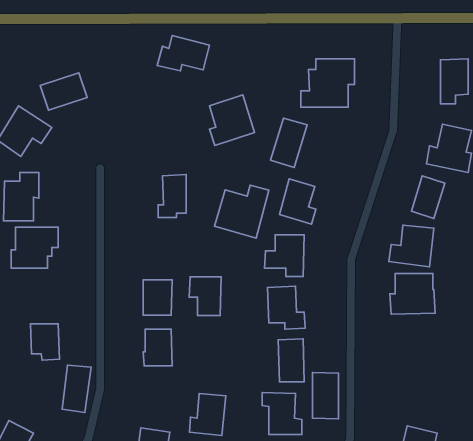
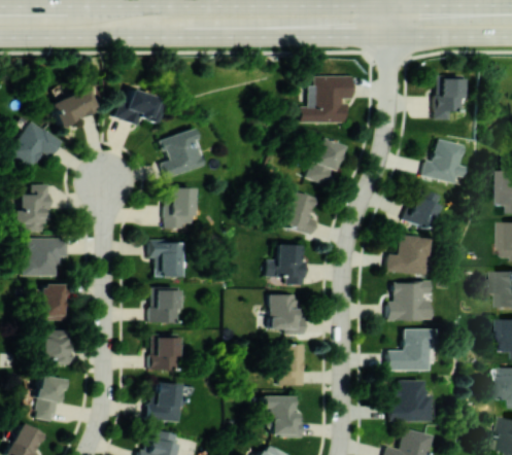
building: [157,36,210,71] -> [115,91,166,125]
building: [209,95,255,145] -> [161,130,204,178]
building: [271,118,307,168] -> [307,139,342,186]
building: [214,185,269,238] -> none
building: none -> [40,285,68,320]
building: [189,277,221,316] -> [149,240,180,277]
building: none -> [387,329,435,371]
building: [62,365,91,412] -> [35,377,63,422]
building: [312,373,339,419] -> none
building: none -> [389,381,431,422]
building: [189,394,226,435] -> [146,383,181,423]

